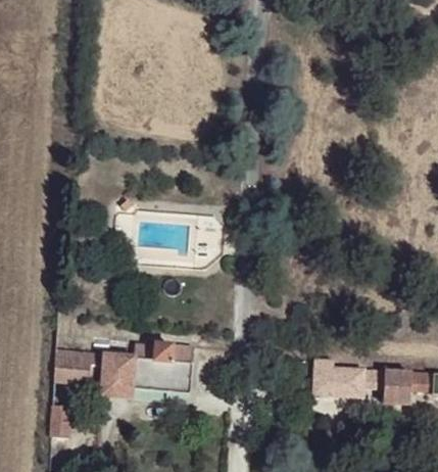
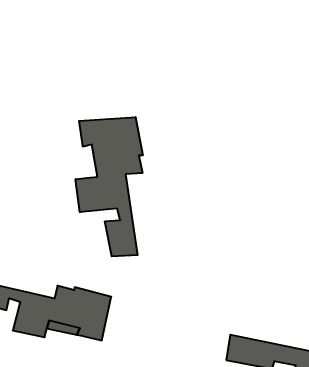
building: none -> [76,117,143,256]

